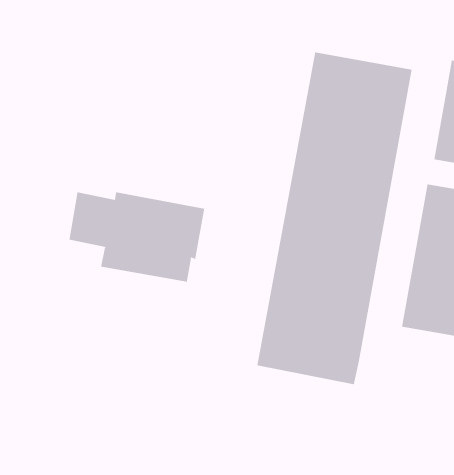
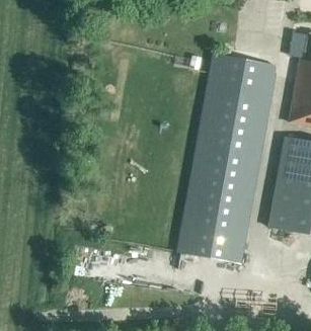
building: [69,191,205,283] -> none

